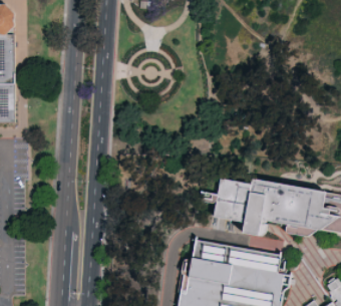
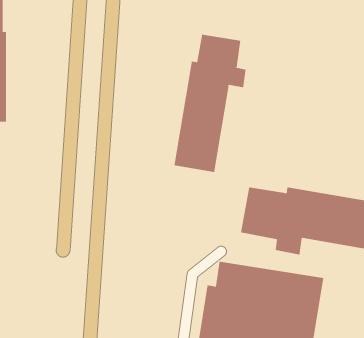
building: none -> [174,34,246,173]

